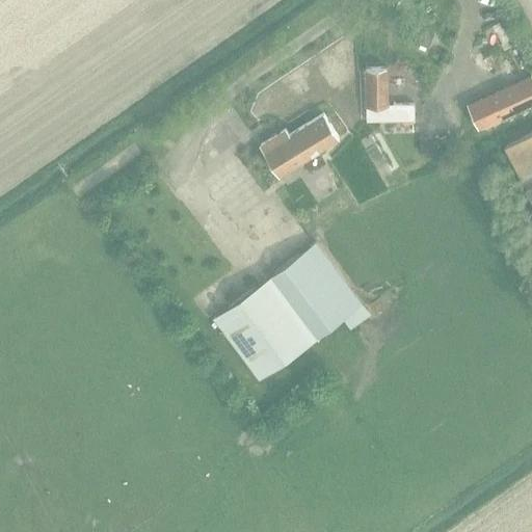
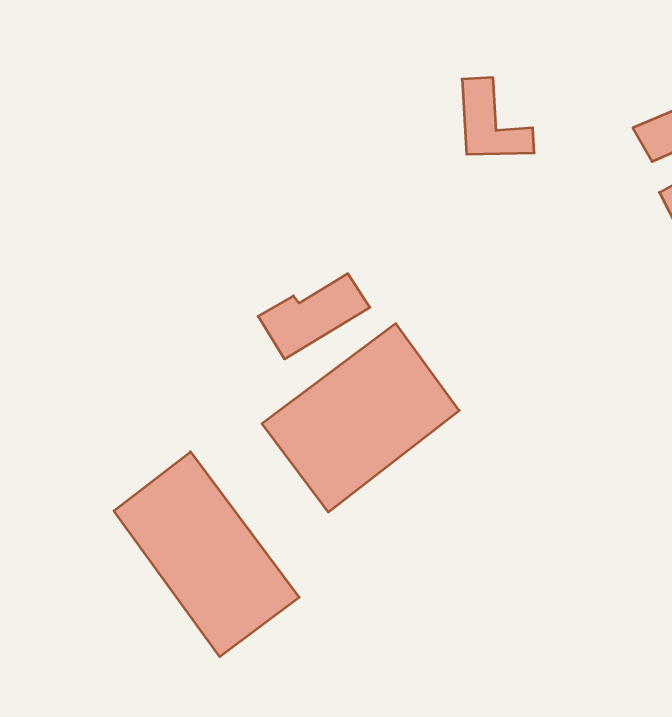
building: [260,117,339,178] -> [258,274,370,359]
building: none -> [114,452,299,657]

